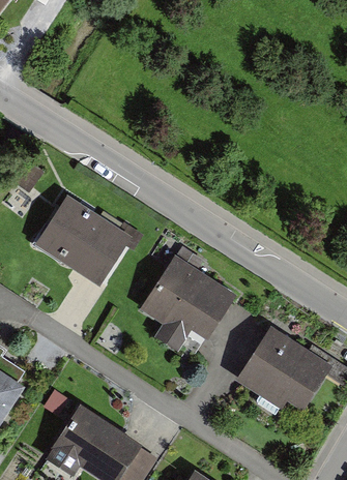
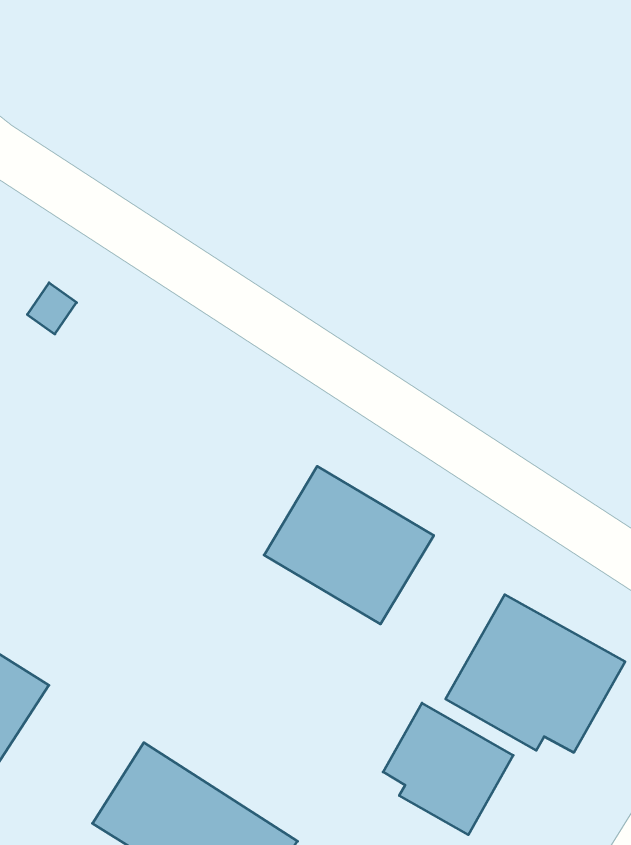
building: [34,198,126,283] -> none
building: none -> [383,703,513,835]

